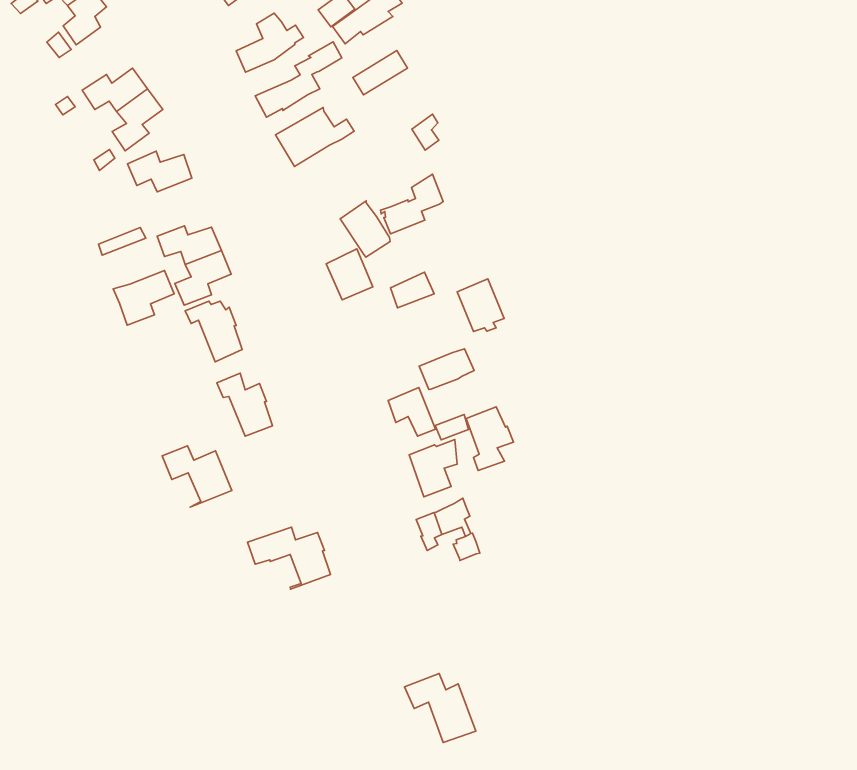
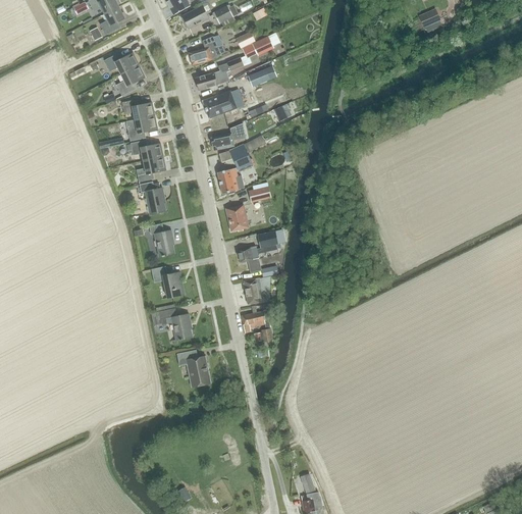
building: [381,174,443,234] -> [211,122,245,150]
building: [113,270,174,325] -> [125,115,157,141]
building: [457,279,504,331] -> [225,204,248,232]
building: [466,407,514,471] -> none
building: [162,446,232,507] -> [151,266,185,299]
building: [405,673,476,742] -> [176,349,210,385]

